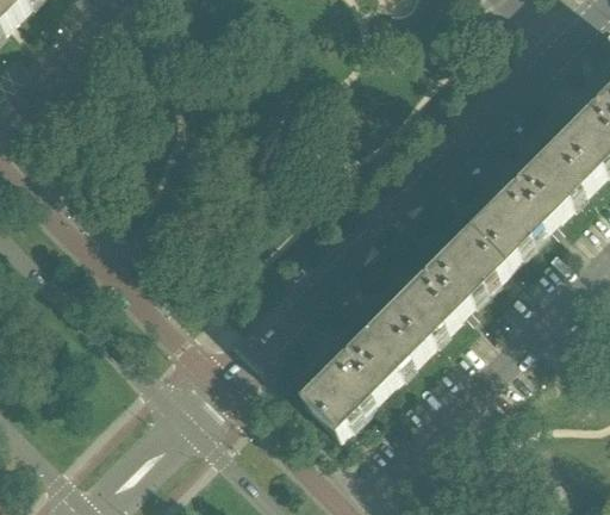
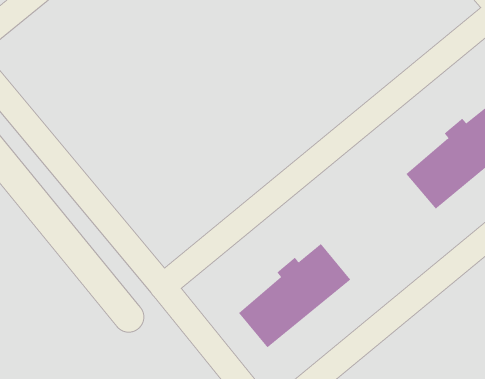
building: [384,223,506,345] -> none

